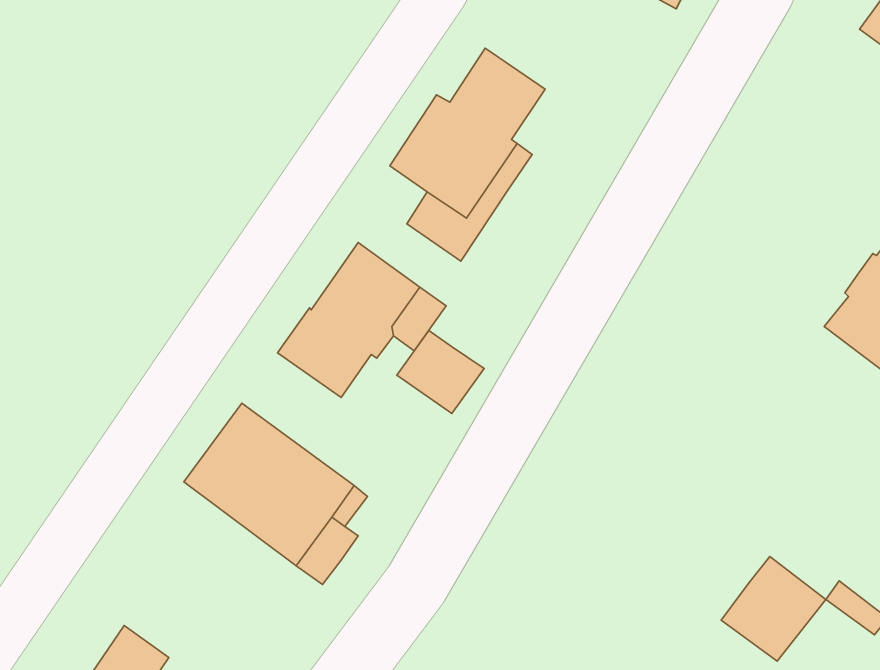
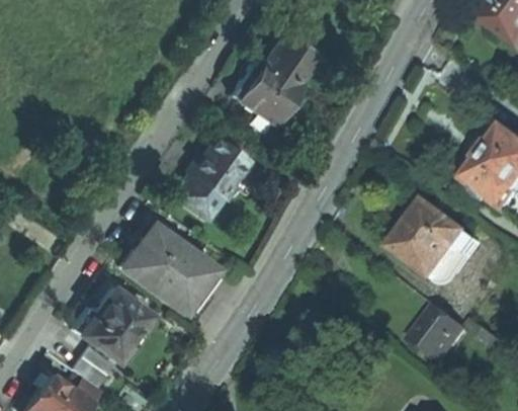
building: [397,330,484,413] -> none
building: none -> [393,202,481,280]
building: none -> [71,287,147,359]

